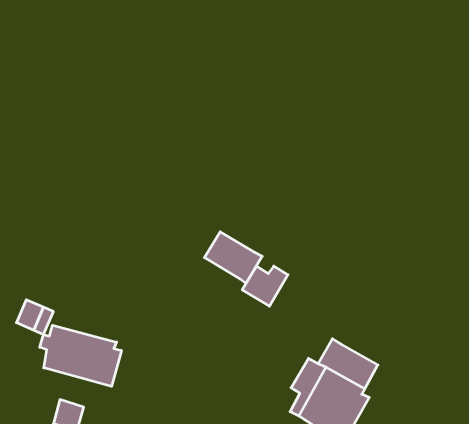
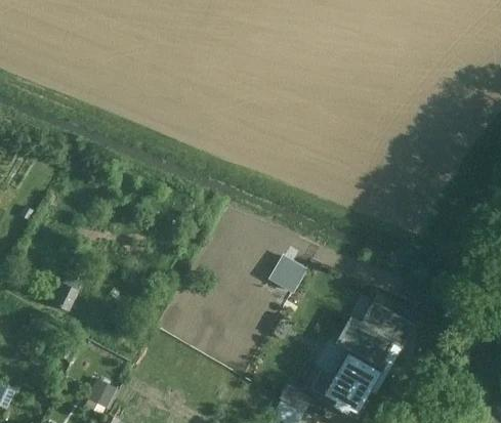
building: [204,232,262,284] -> none
building: none -> [359,303,414,349]
building: [40,325,121,386] -> none

